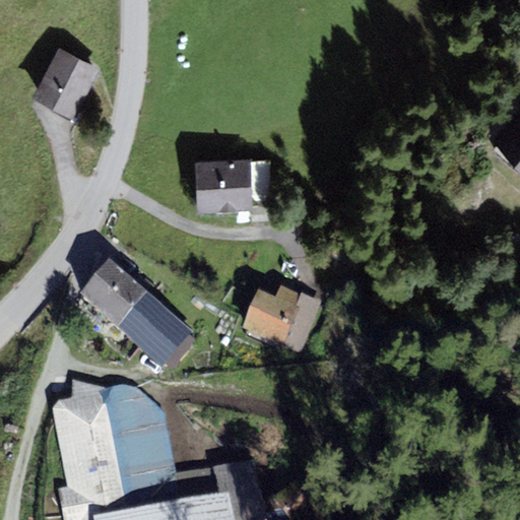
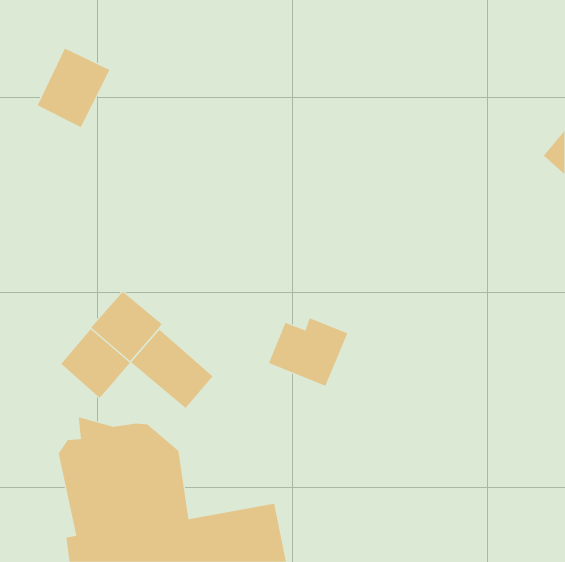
building: [200,158,255,206] -> none
building: none -> [61,328,131,399]

